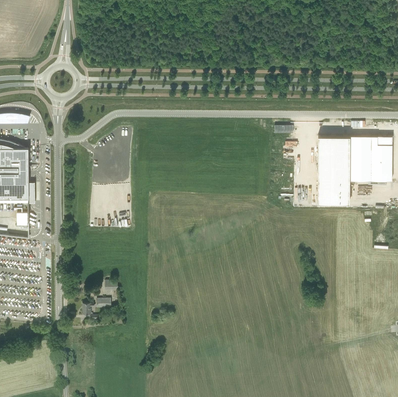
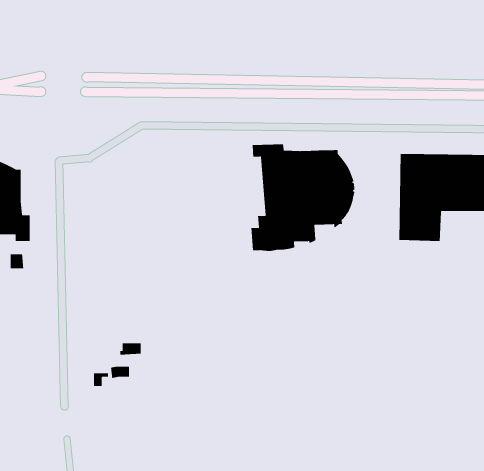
building: none -> [250,144,355,252]

